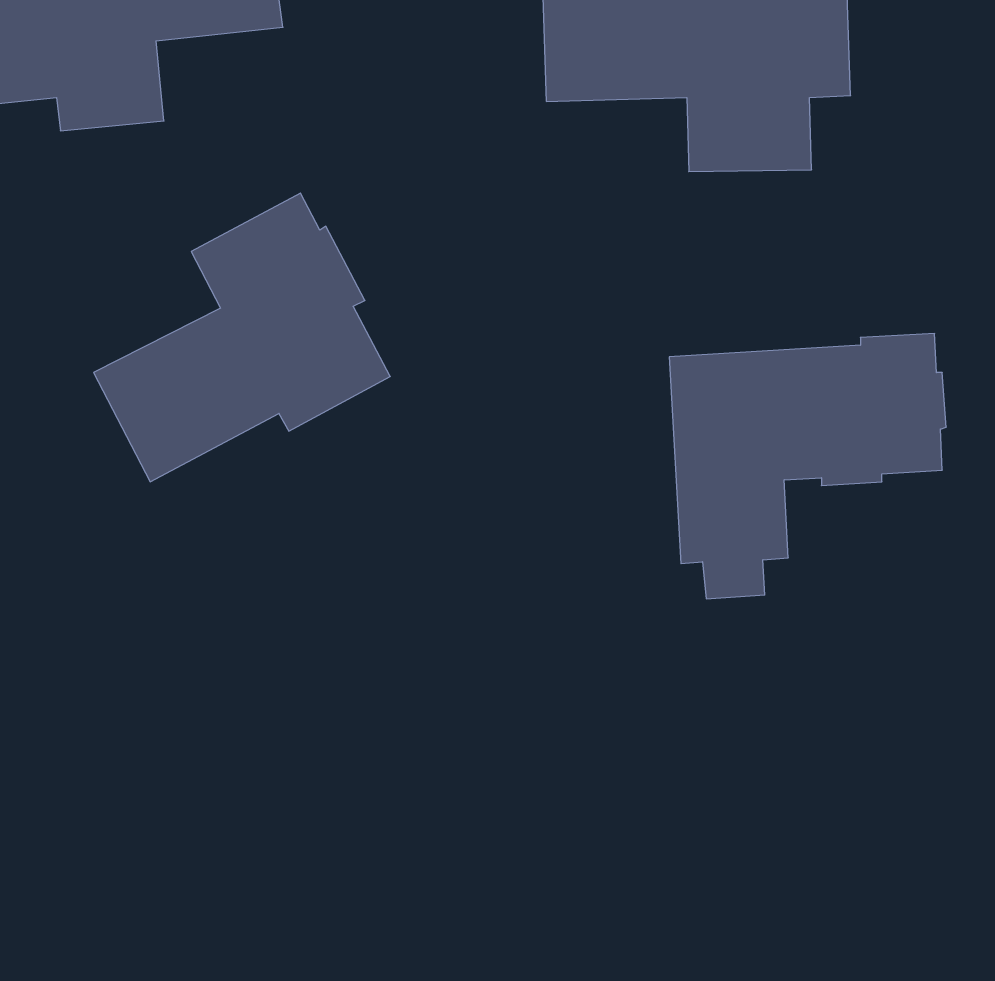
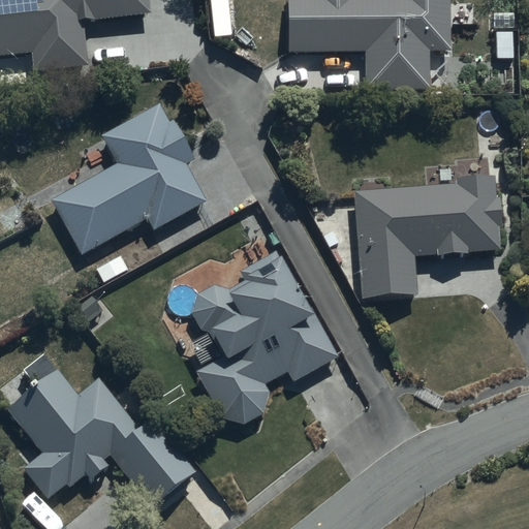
building: none -> [191,250,337,425]
building: none -> [7,369,194,505]

